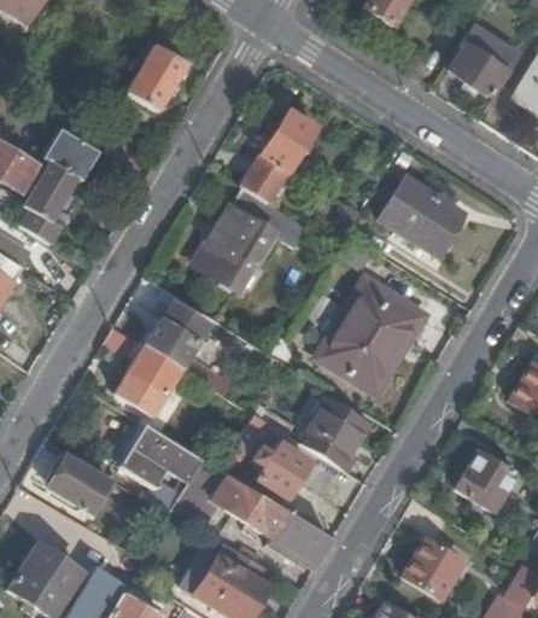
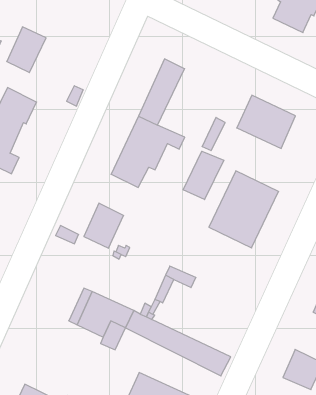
building: [129,46,188,111] -> [7,27,46,73]
building: none -> [183,151,224,200]
building: [119,346,180,413] -> none
building: [303,398,369,468] -> none
building: [255,436,309,496] -> none
building: [49,453,110,512] -> none

